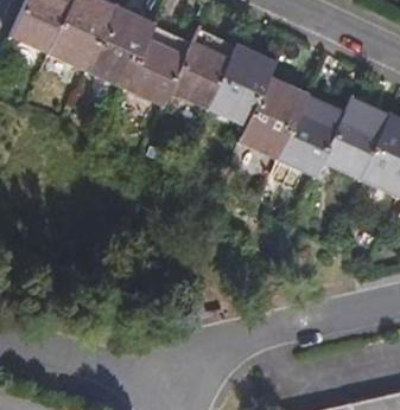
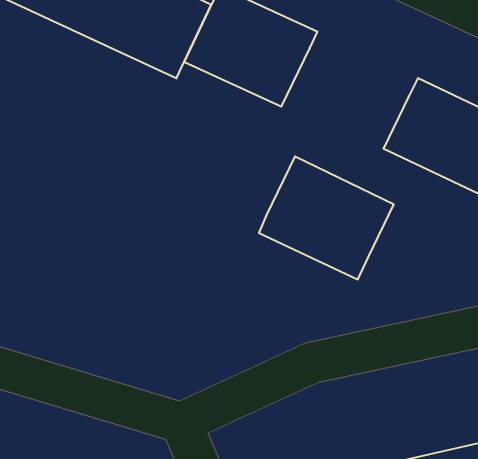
building: [236,79,343,177] -> [259,156,394,279]

